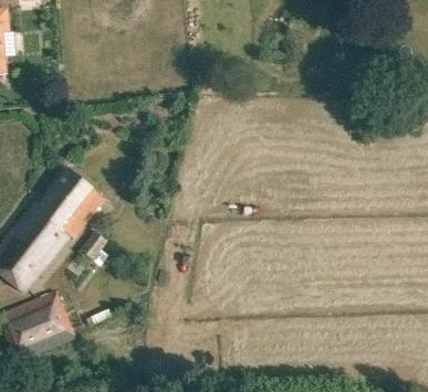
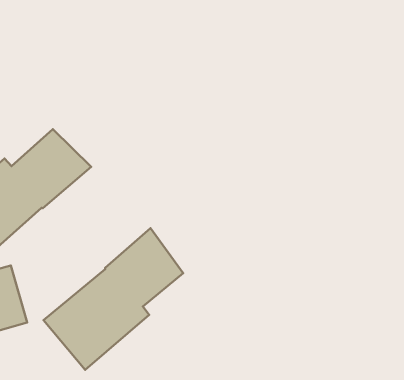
building: none -> [43,228,183,370]

